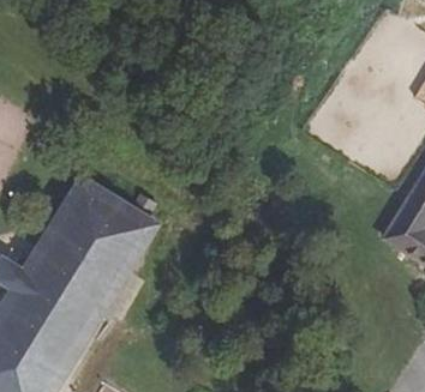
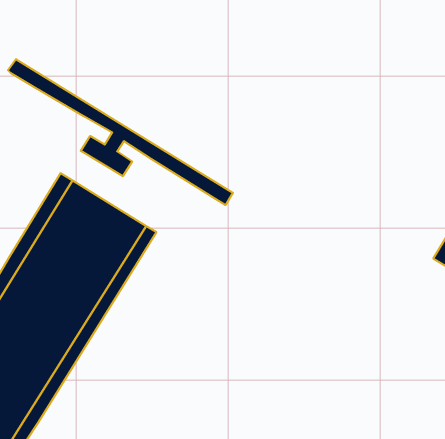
building: none -> [8,59,233,205]

